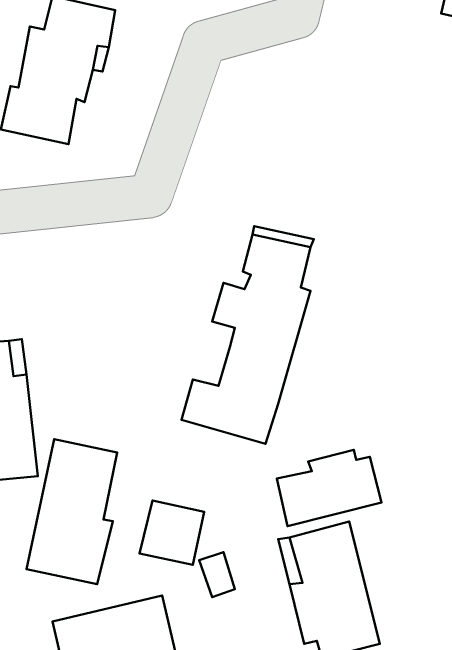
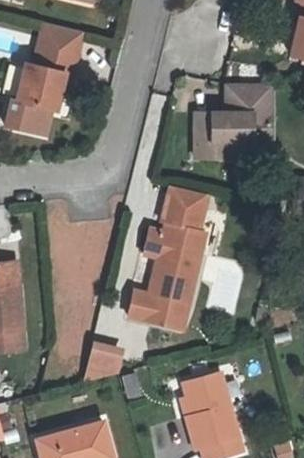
building: none -> [191,85,268,156]
building: [27,439,117,584] -> none
building: [277,450,381,526] -> none

